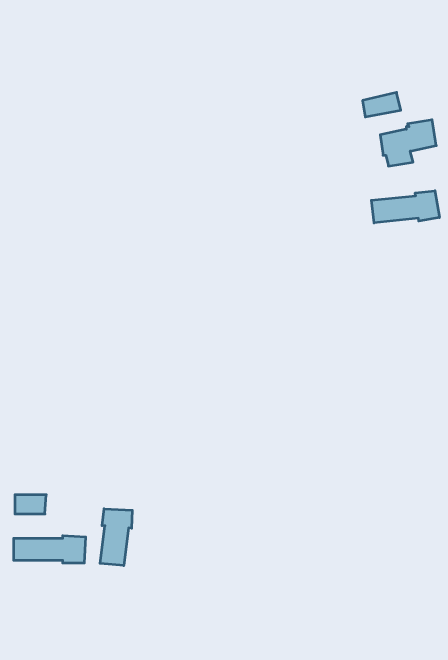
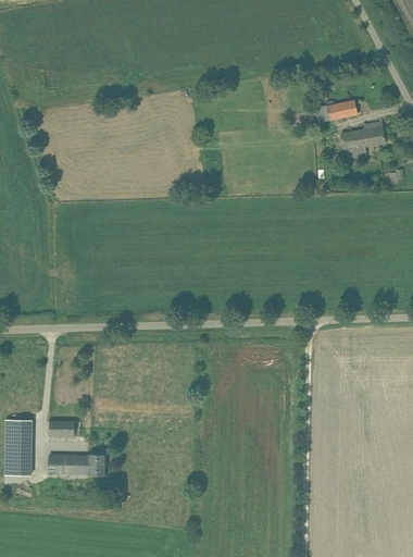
building: [371,191,439,223] -> none
building: [100,509,132,566] -> none

